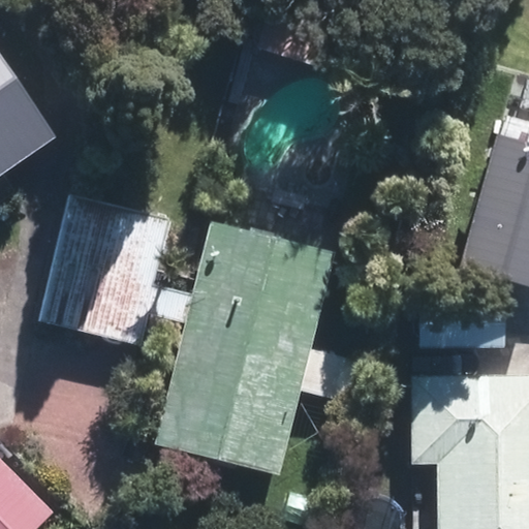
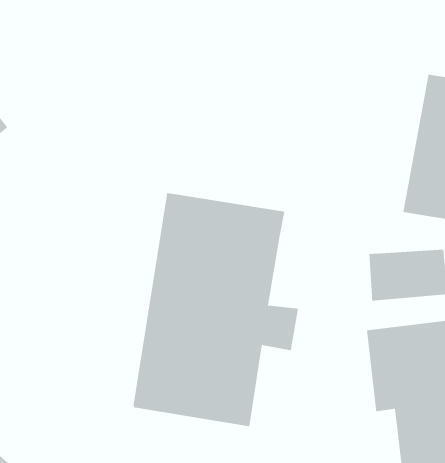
building: [42,196,174,346] -> none

